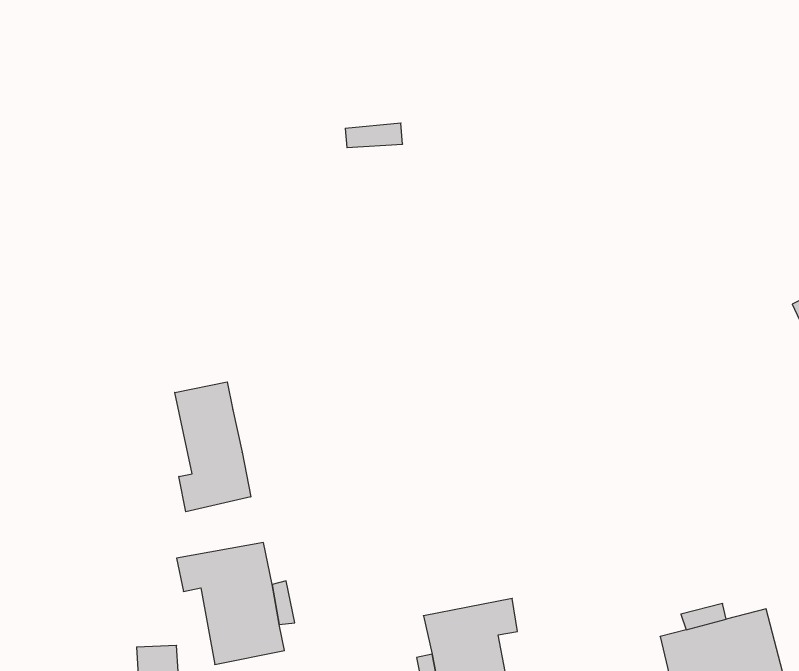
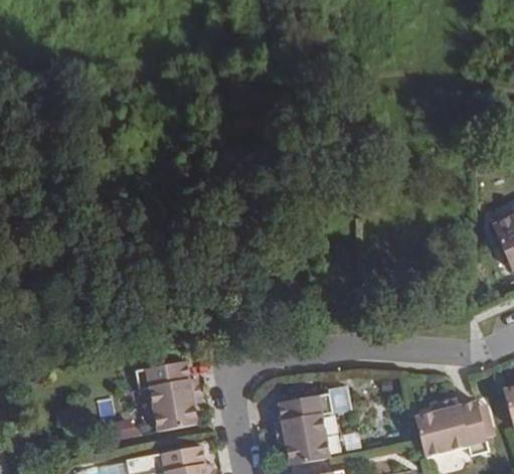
building: [175,382,251,512] -> none

